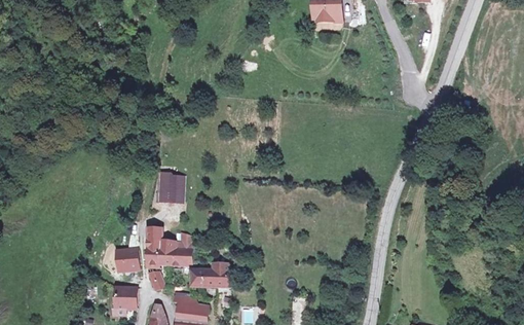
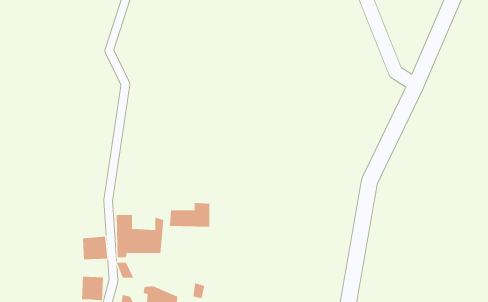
building: [158,179,184,207] -> none
building: [192,266,231,290] -> [169,202,210,227]

